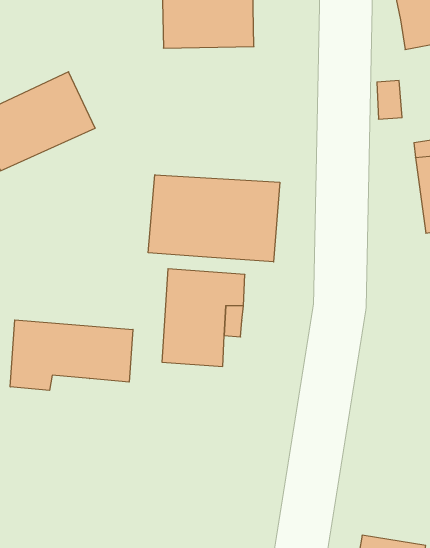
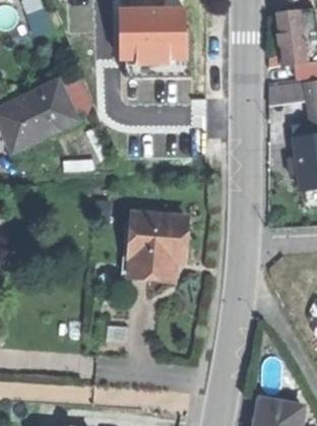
building: [148,175,280,262] -> none
building: [10,320,133,390] -> none

